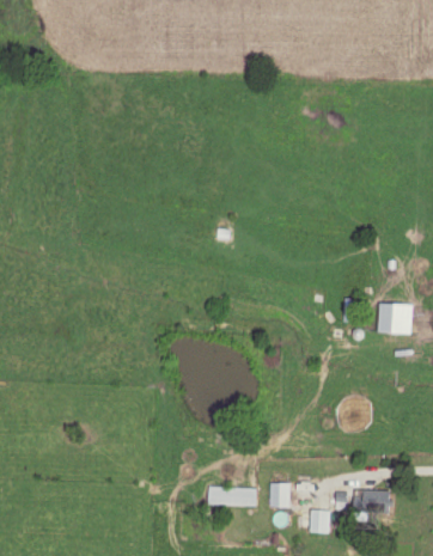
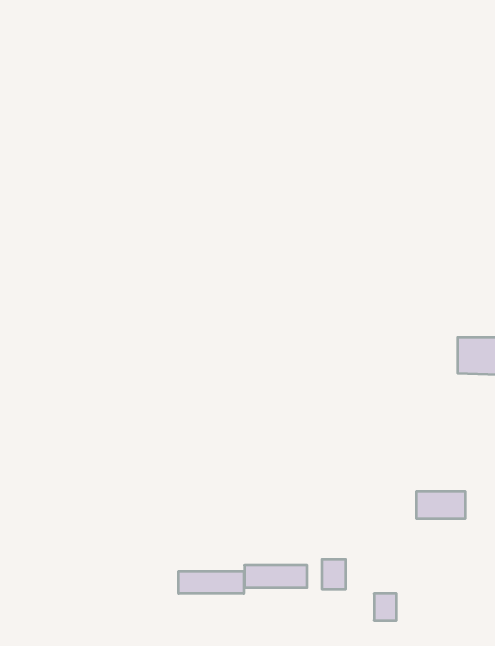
building: [353,489,392,511] -> [416,492,465,518]
building: none -> [179,571,244,594]

